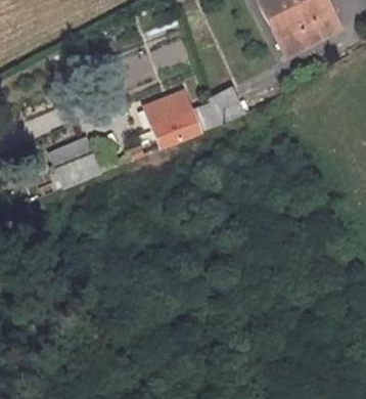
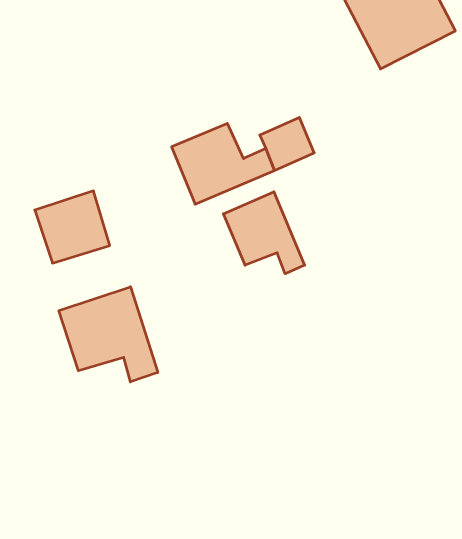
building: none -> [223,192,305,274]
building: none -> [59,287,158,382]

